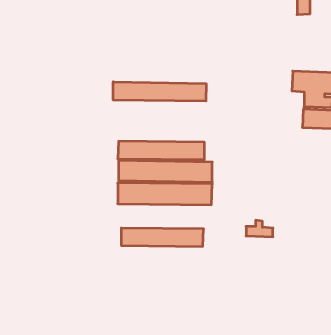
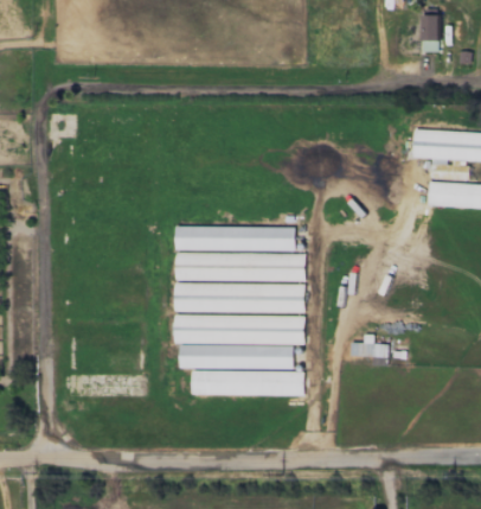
building: [113,82,206,101] -> none
building: none -> [175,314,303,344]
building: none -> [192,370,303,395]

